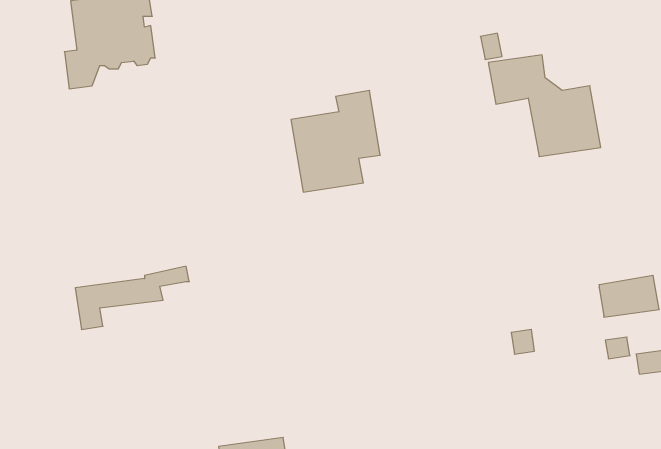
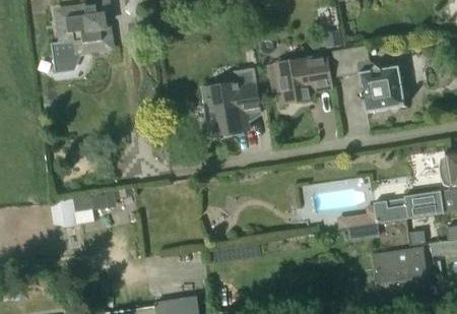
building: none -> [269,57,333,103]
building: none -> [374,198,408,222]
building: none -> [374,248,429,293]

